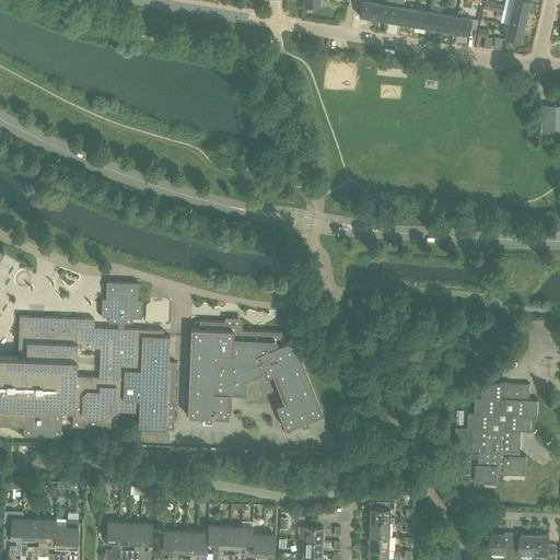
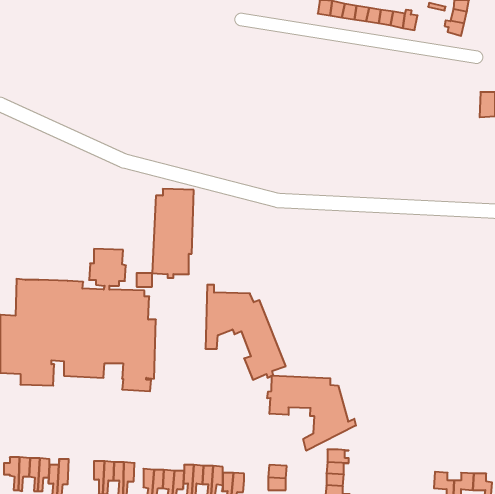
building: [187,322,234,422] -> [152,189,194,278]
building: [456,382,538,485] -> none
building: none -> [267,376,356,451]

